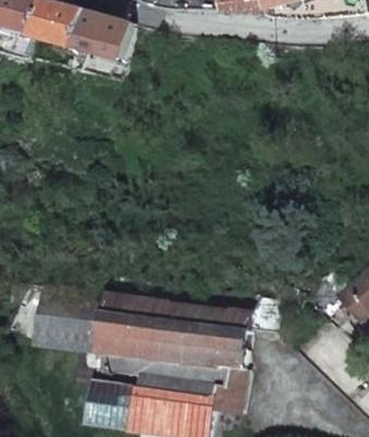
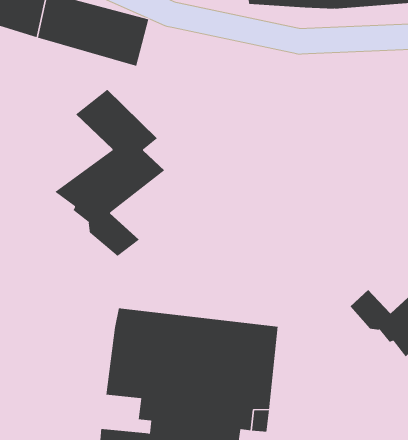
building: none -> [54,89,165,257]
building: [30,287,104,352] -> none

